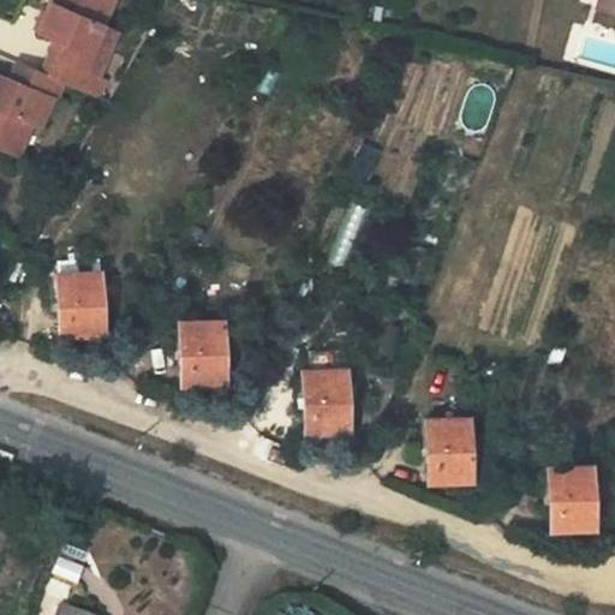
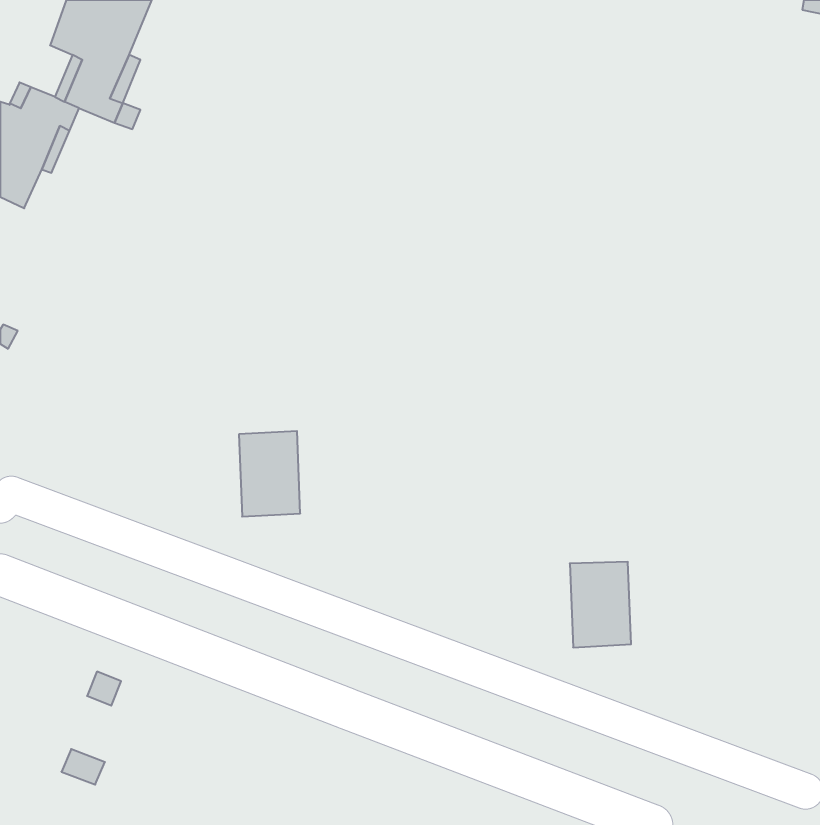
building: [59,271,105,338] -> none
building: [305,370,351,432] -> none
building: [551,466,596,529] -> none

